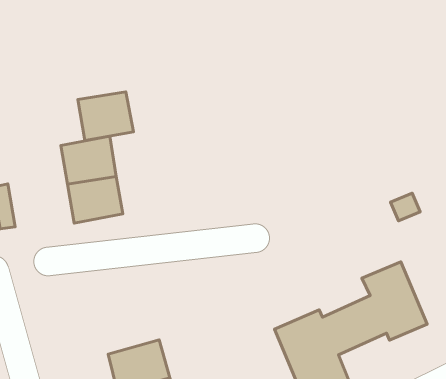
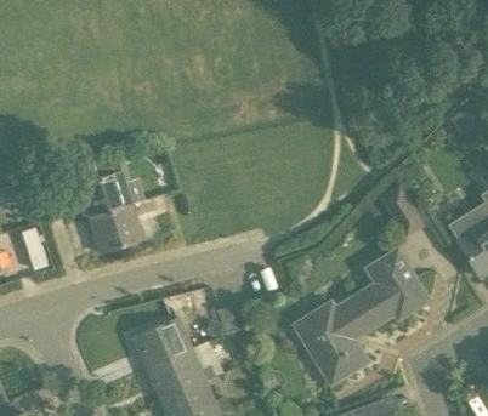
building: [78,92,133,141] -> none
building: none -> [134,317,192,369]

